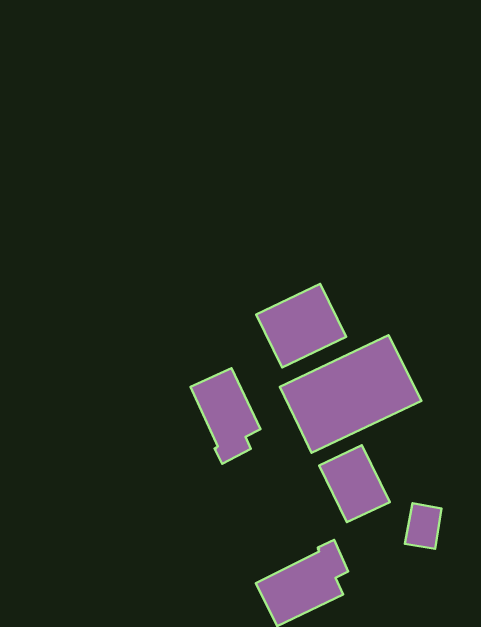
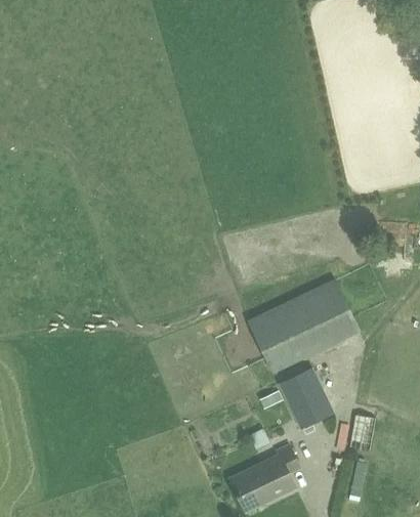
building: [256,284,346,367] -> none
building: [190,368,261,464] -> none

